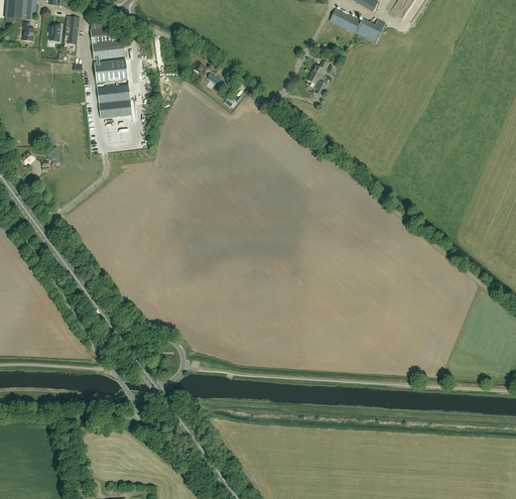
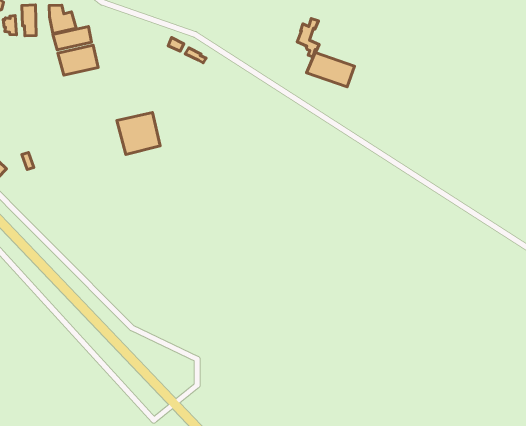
building: [97,85,132,119] -> [117,113,160,155]
building: none -> [307,52,354,87]

